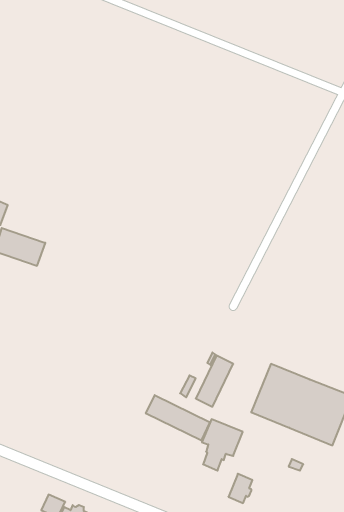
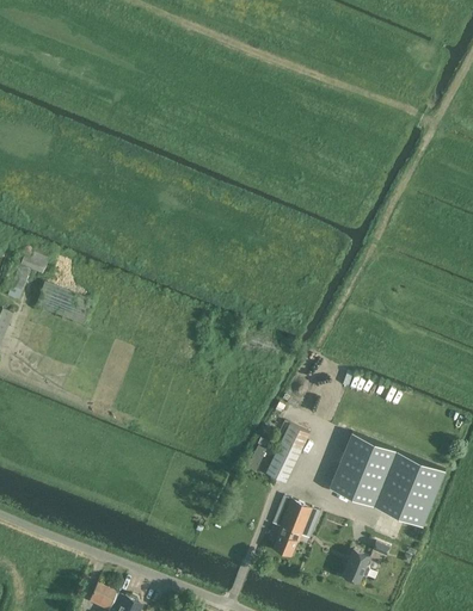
building: [146,395,210,440] -> none
building: [228,474,252,503] -> [342,550,369,584]

